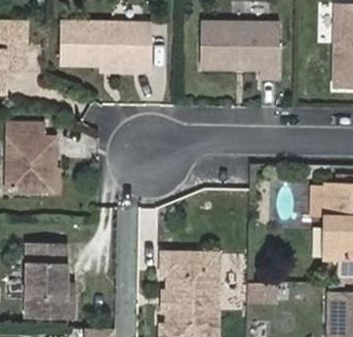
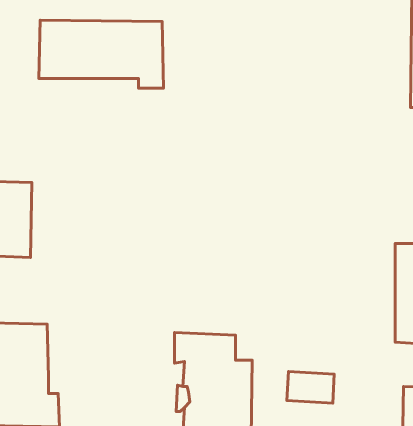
building: [201,19,282,74] -> none

